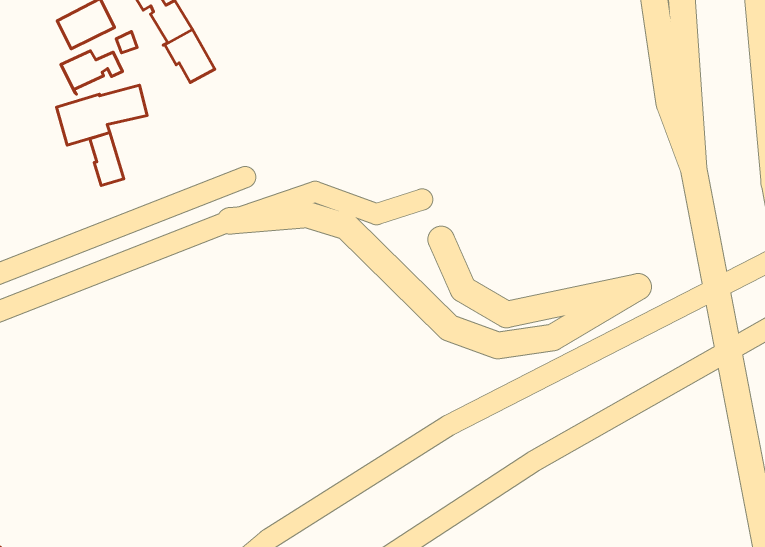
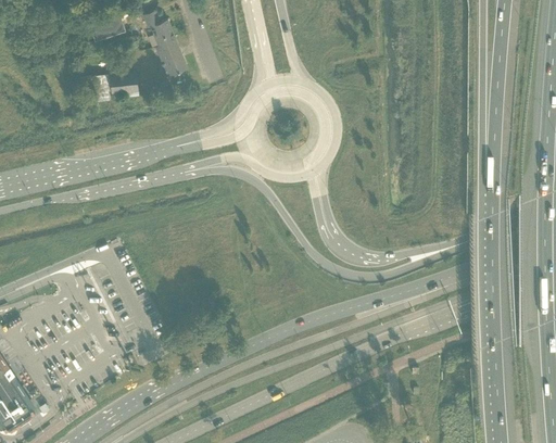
building: [61,51,122,94] -> none
building: [90,132,124,186] -> none

